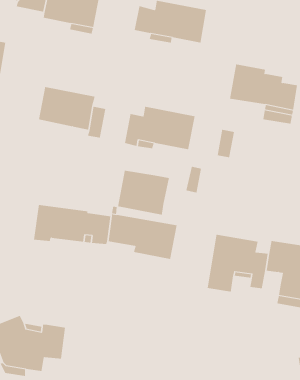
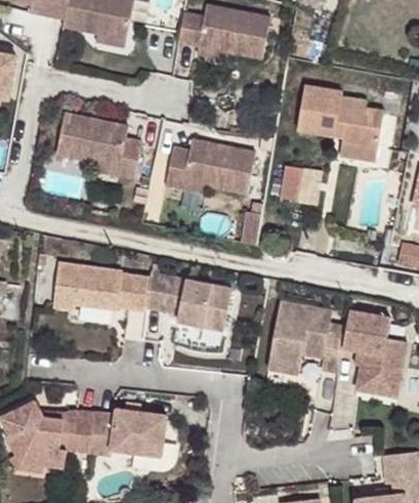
building: [118,170,170,216] -> none
building: none -> [87,413,163,457]

